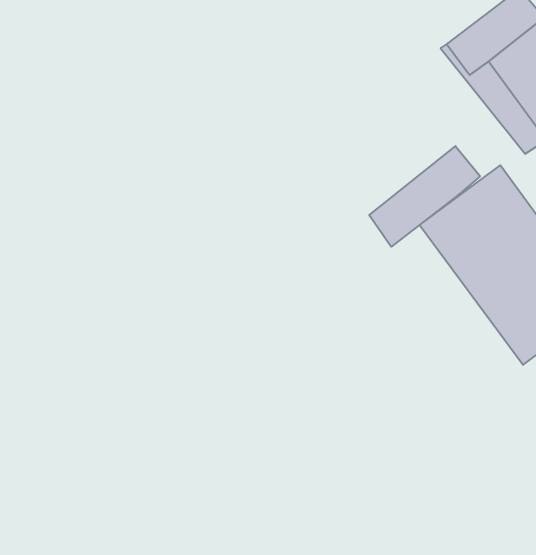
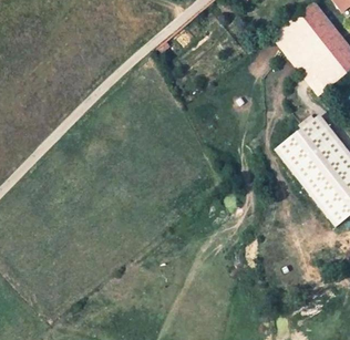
building: [369,146,480,247] -> none

